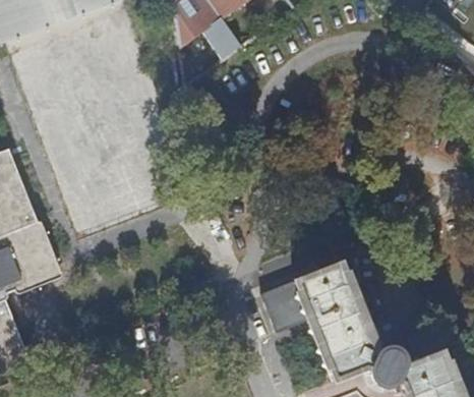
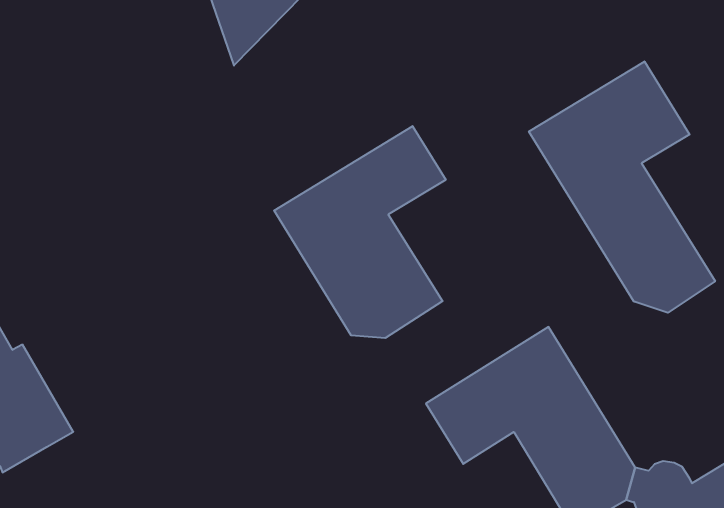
building: none -> [529,61,715,313]
building: none -> [274,126,446,338]

